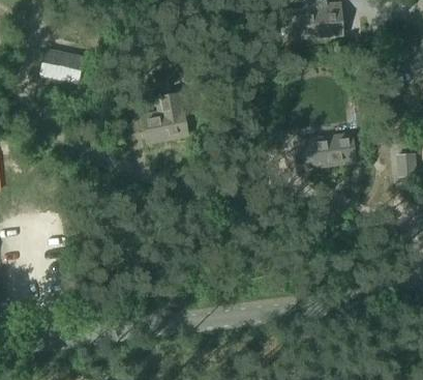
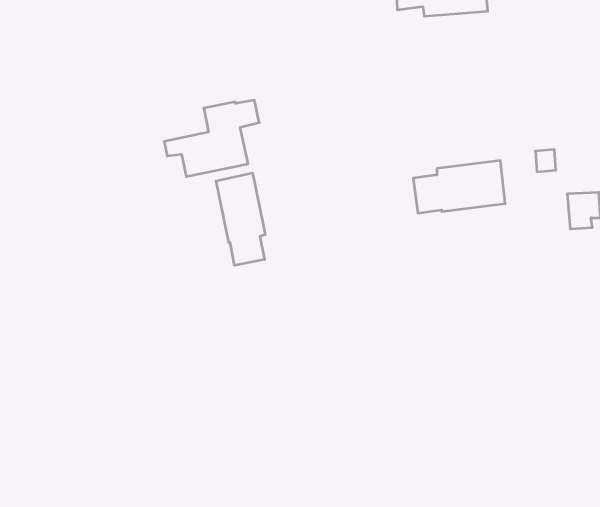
building: [40,49,83,82] -> none
building: none -> [216,173,265,265]

